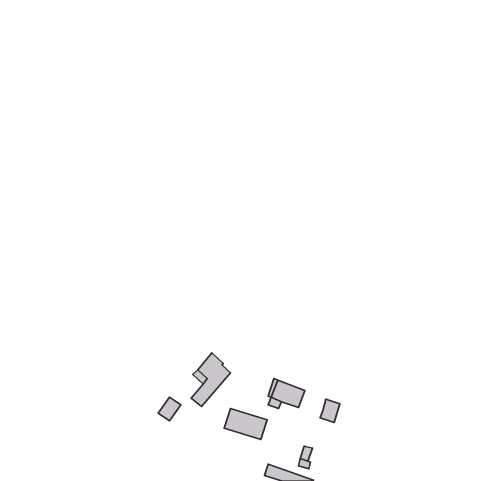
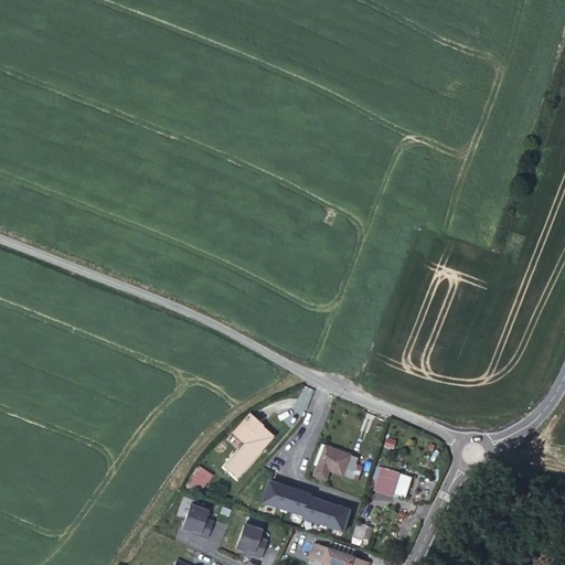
building: none -> [303,494,353,534]
building: none -> [182,507,213,540]
building: none -> [236,526,267,559]

